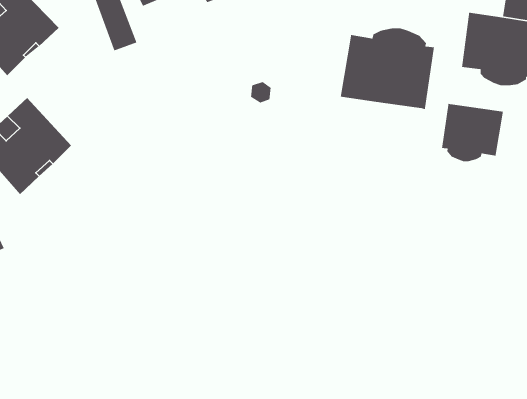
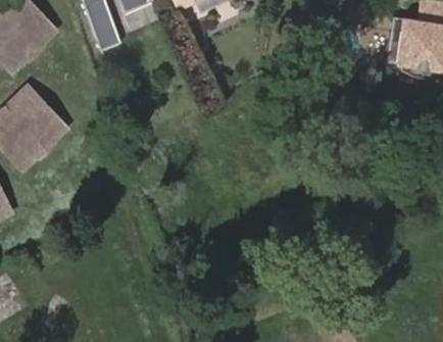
building: [340,28,435,110] -> none
building: [441,103,504,162] -> none

